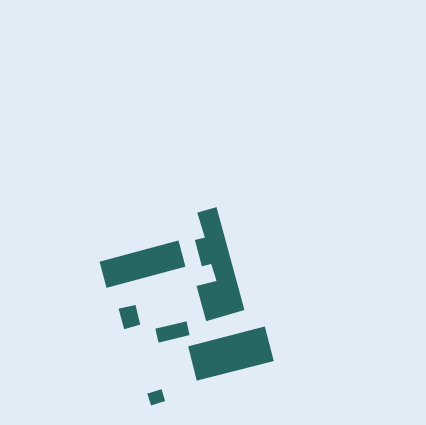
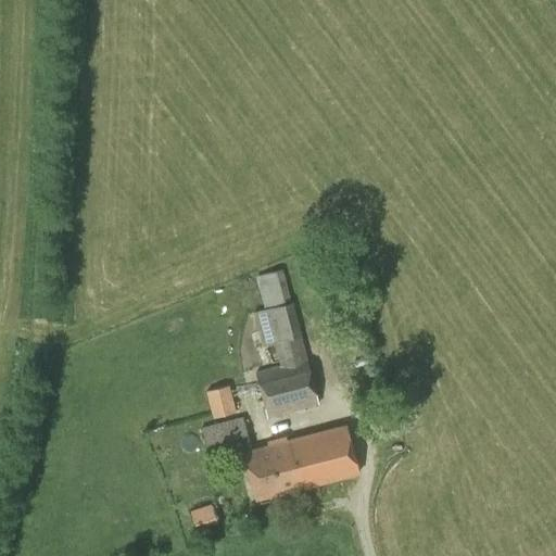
building: [98,239,187,289] -> none
building: [118,304,141,330] -> [206,387,237,420]

